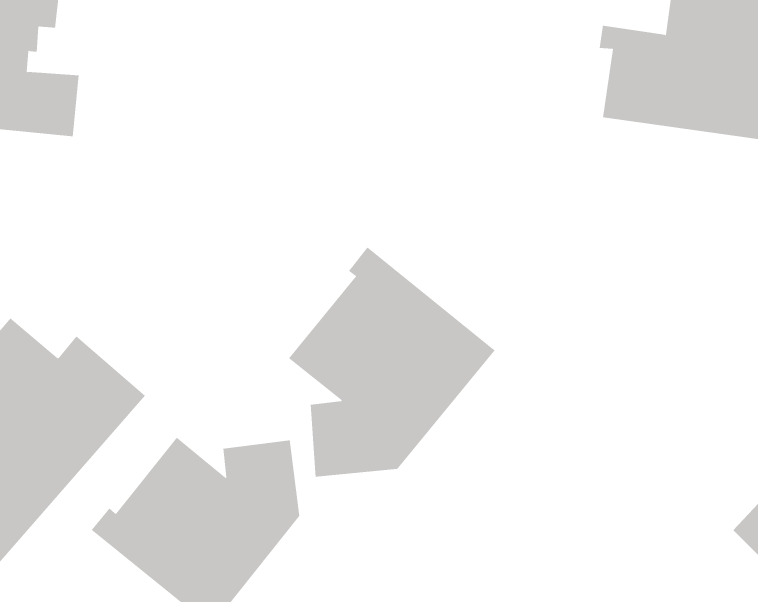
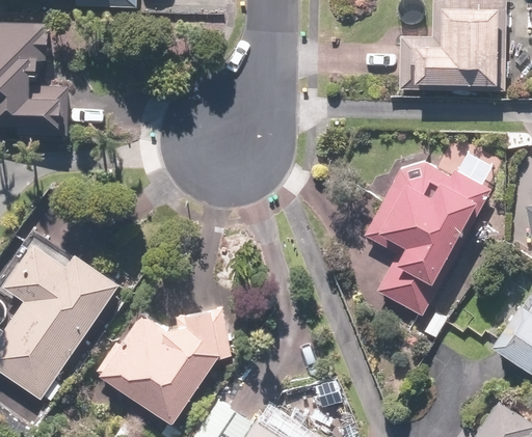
building: none -> [363,166,489,319]
building: [288,247,495,478] -> none

